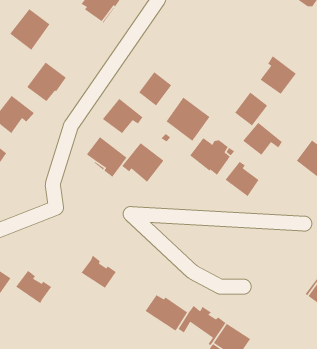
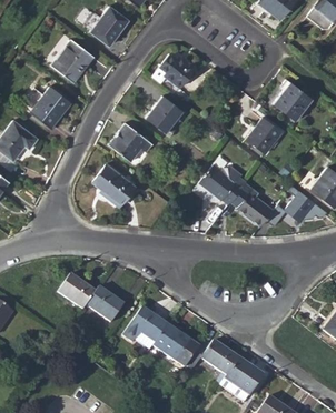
building: [9,8,51,51] -> [51,39,95,83]
building: none -> [152,53,196,88]
building: [165,97,210,142] -> none
building: [242,122,283,156] -> [285,189,327,224]
building: [121,142,164,183] -> none
building: [15,270,52,304] -> [58,274,97,310]
building: none -> [123,308,168,350]

